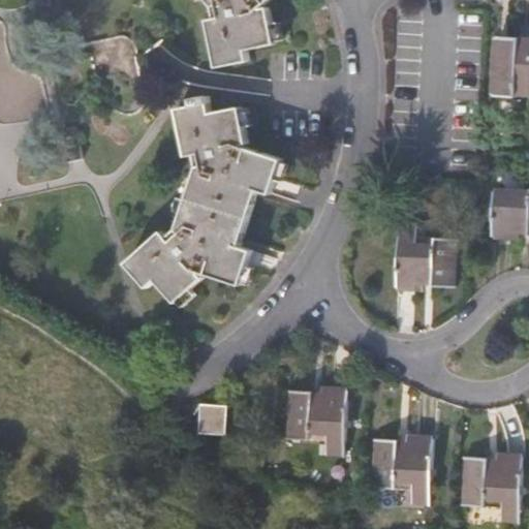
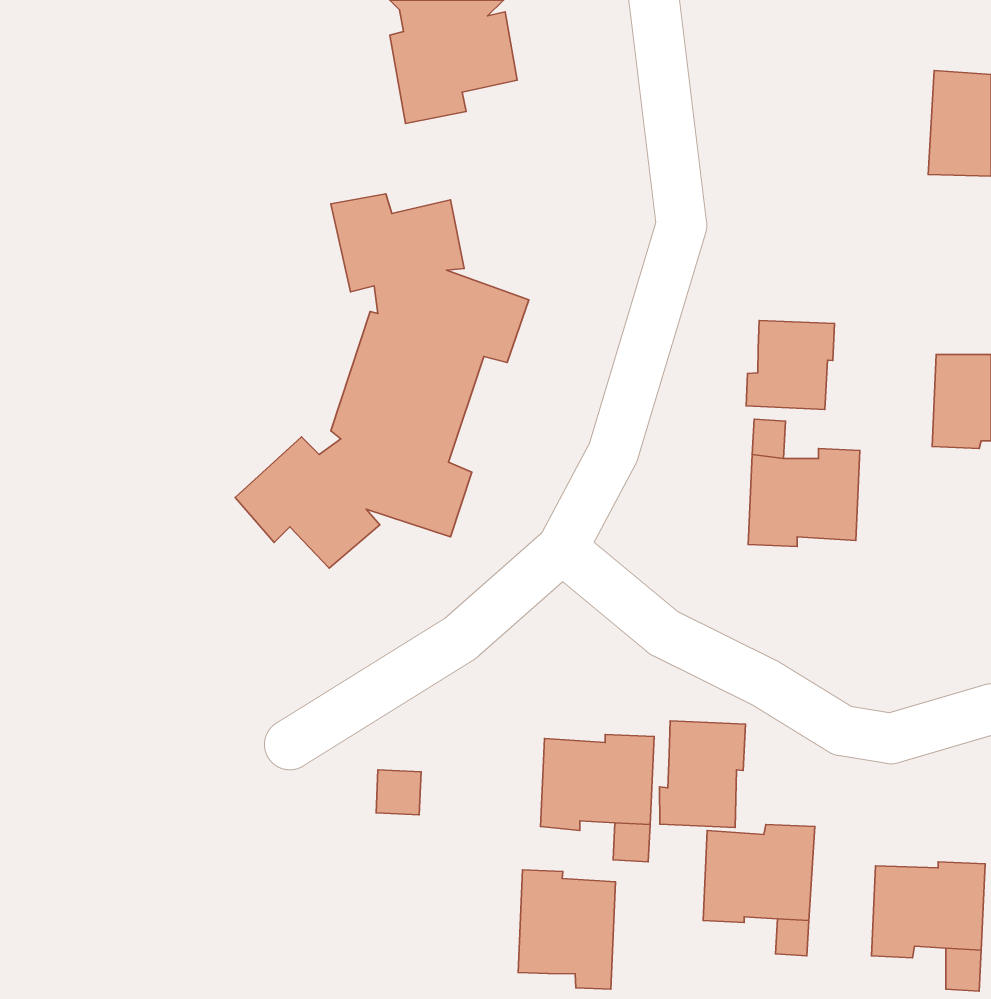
building: none -> [746,320,834,409]
building: none -> [660,721,745,827]
building: none -> [518,870,616,989]

